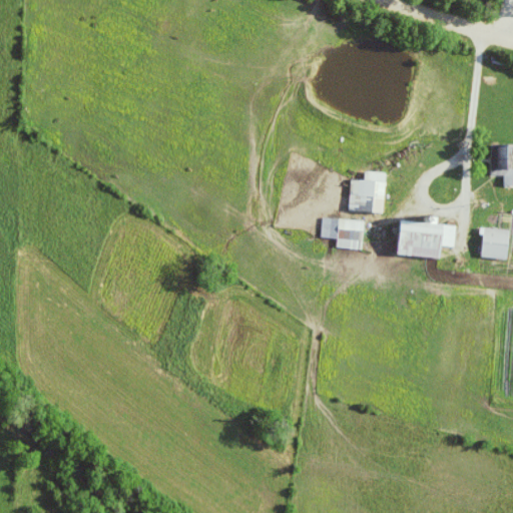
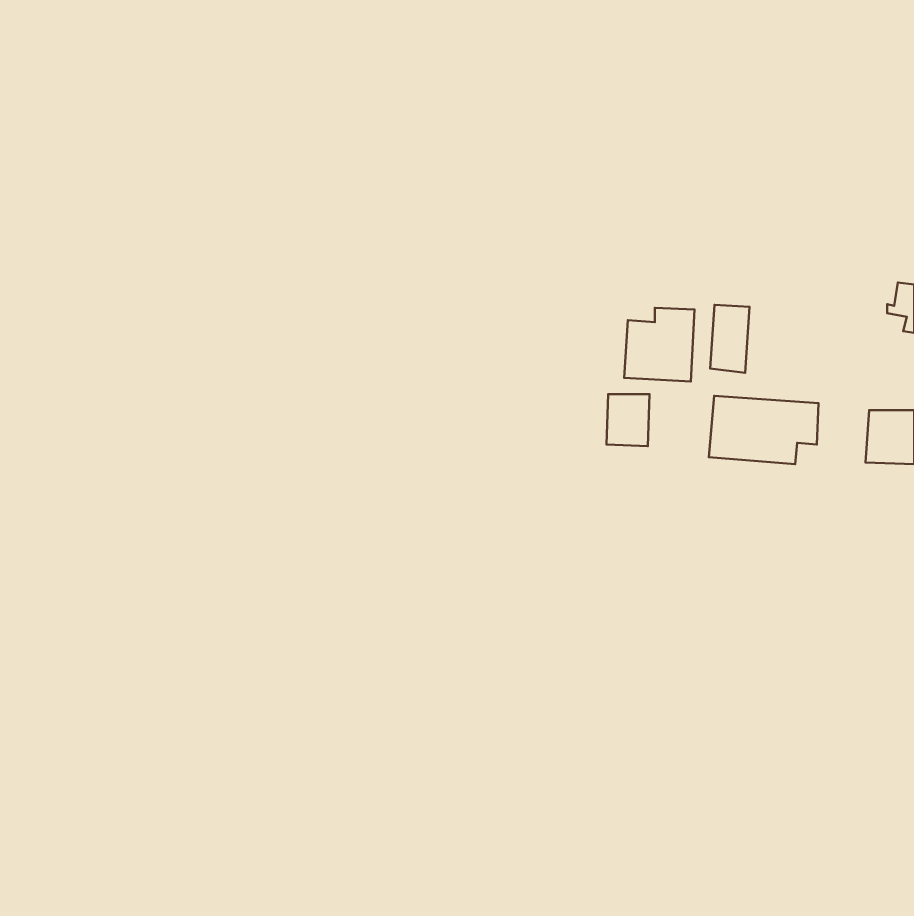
building: none -> [710,305,750,373]
building: [320,217,339,238] -> none

